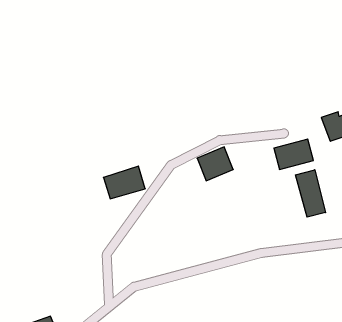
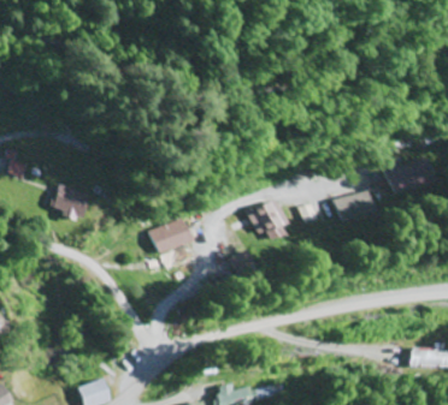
building: none -> [54,183,90,219]
building: [295,170,326,217] -> none

